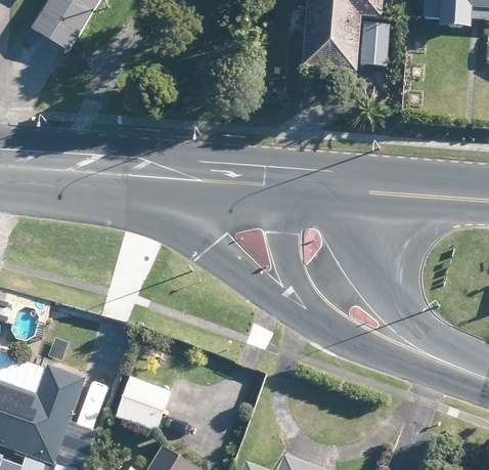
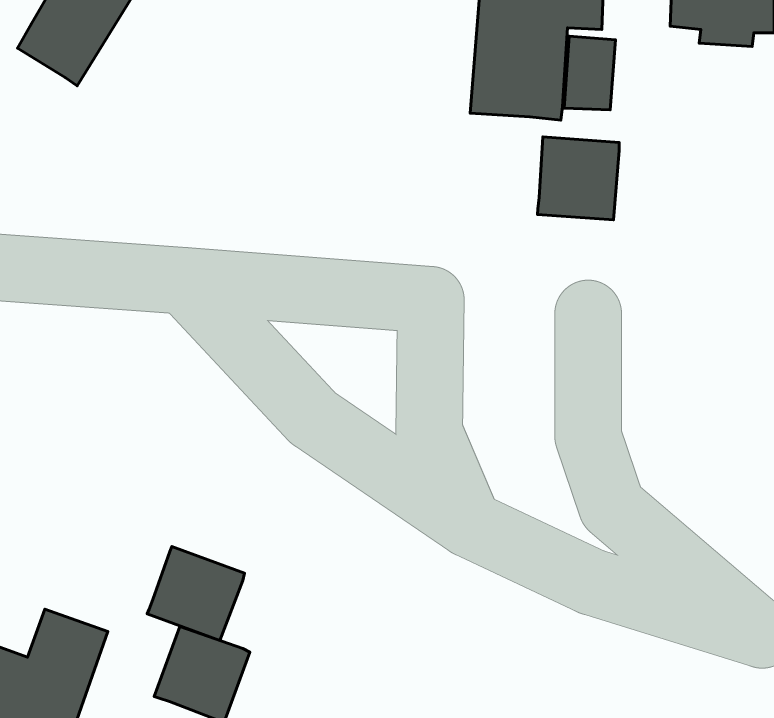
building: none -> [537,137,619,220]
building: none -> [147,547,244,641]

